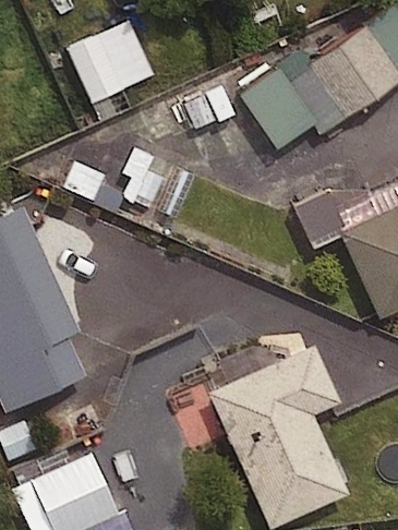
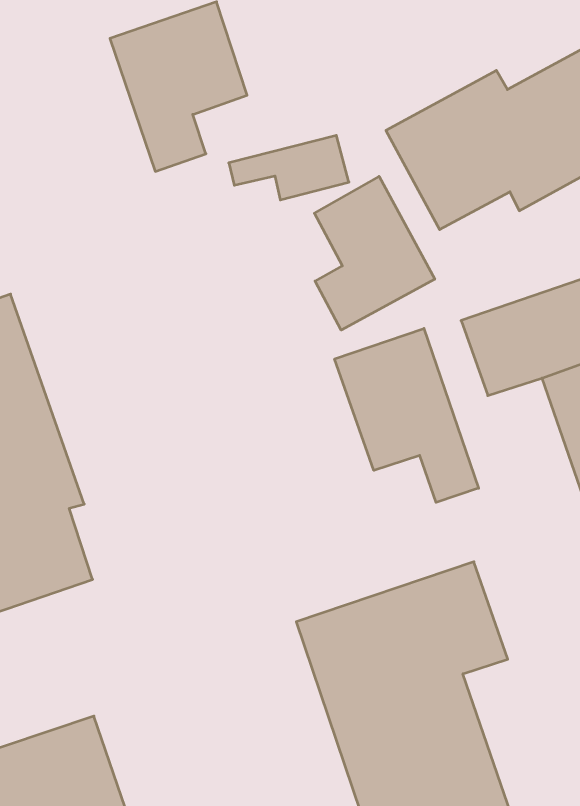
building: none -> [314,176,435,330]
building: none -> [335,328,479,502]

